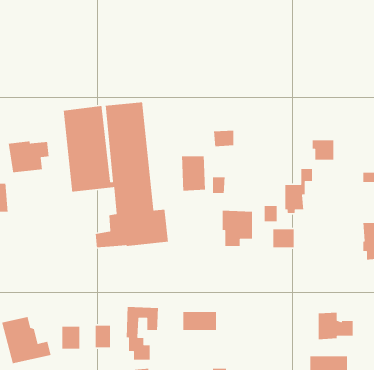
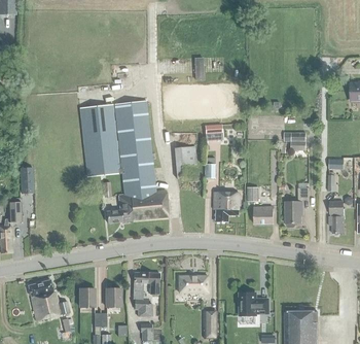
building: [8,141,50,173] -> none
building: [284,168,313,214] -> [285,187,309,226]
building: [318,312,354,340] -> [239,291,268,315]

